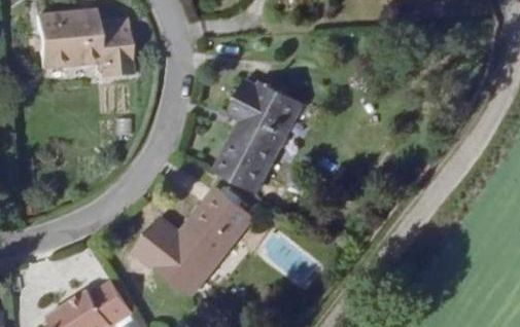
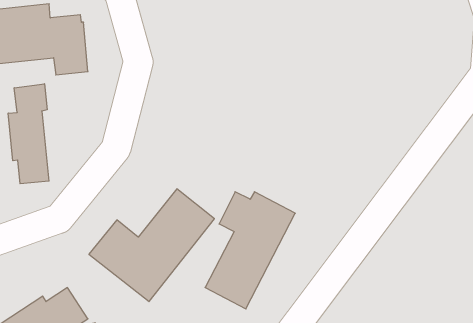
building: [214,82,301,194] -> [205,192,295,309]
building: none -> [8,84,49,184]

